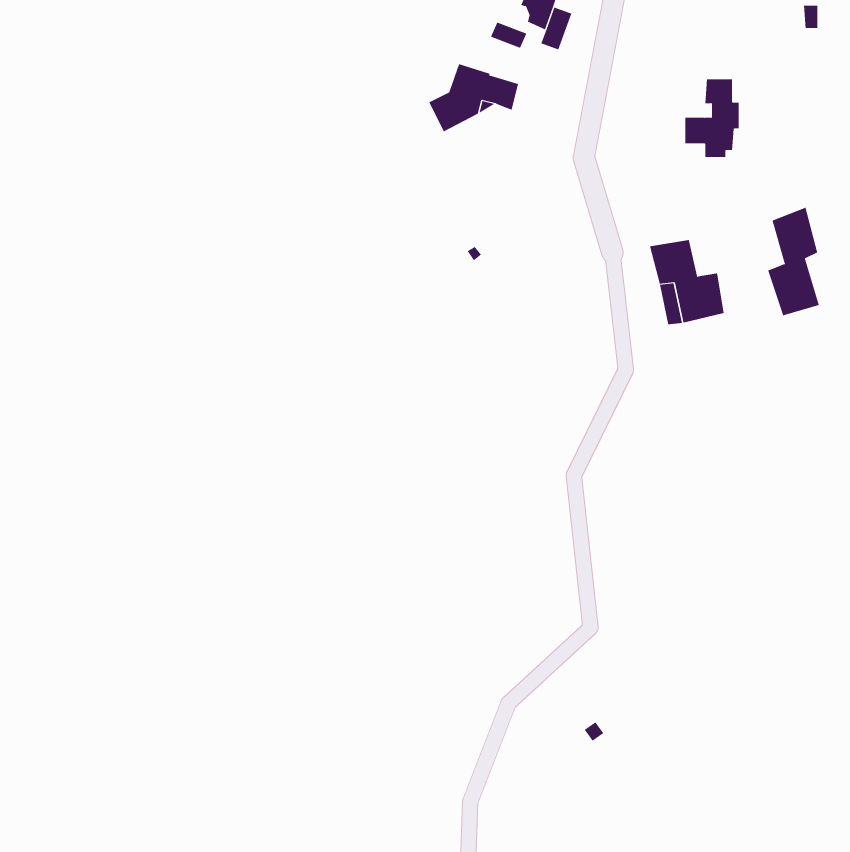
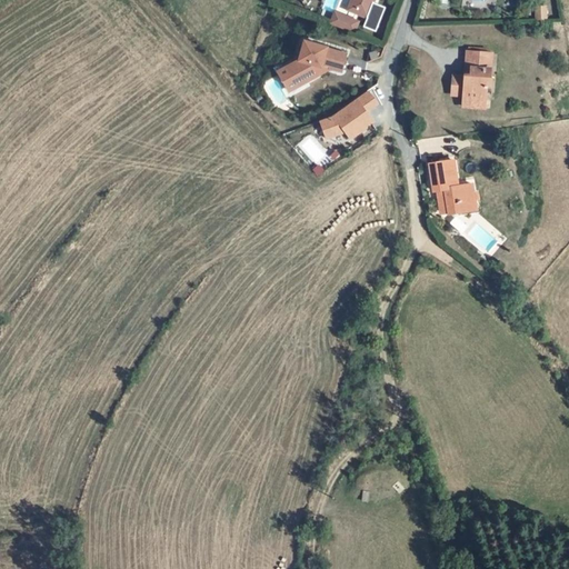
building: none -> [317,89,375,137]
building: [767,207,820,316] -> none

